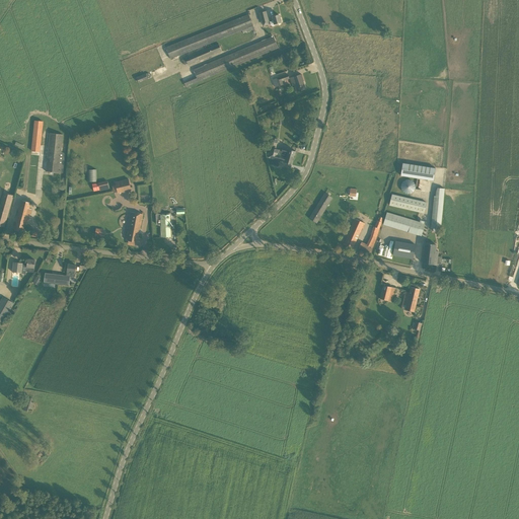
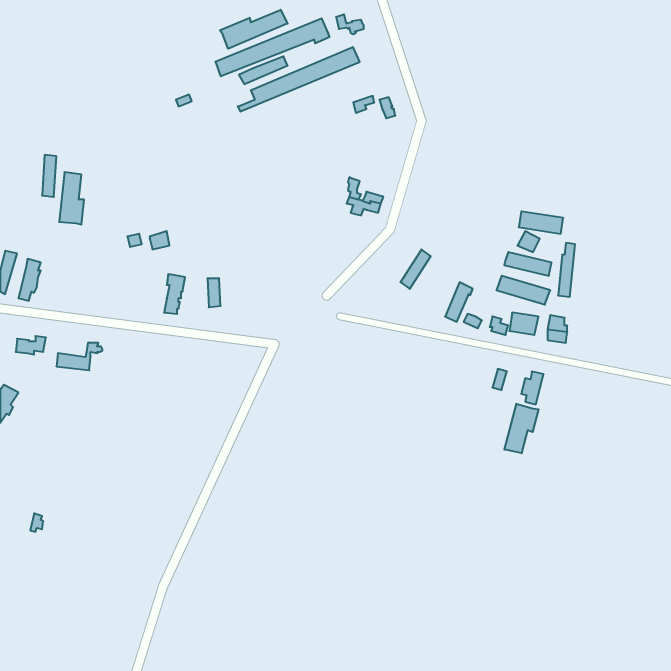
building: none -> [220,10,288,49]
building: none -> [504,404,539,453]

